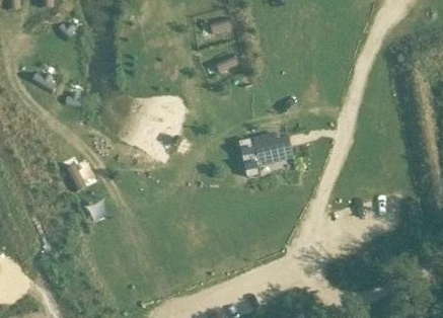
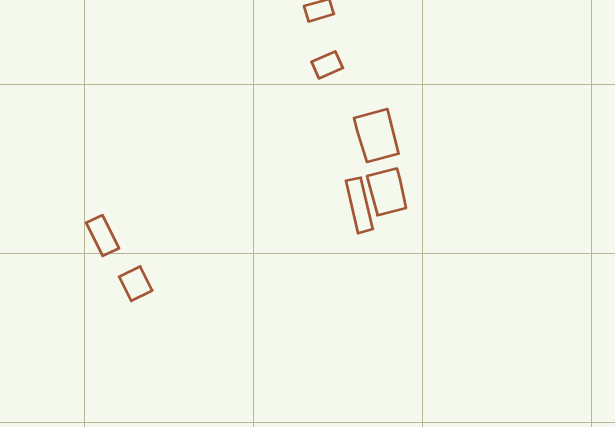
building: none -> [354,109,399,162]

